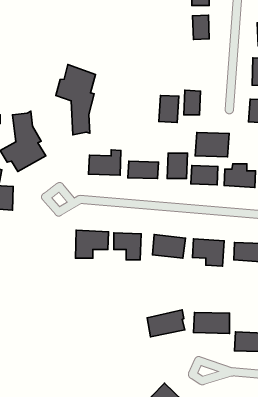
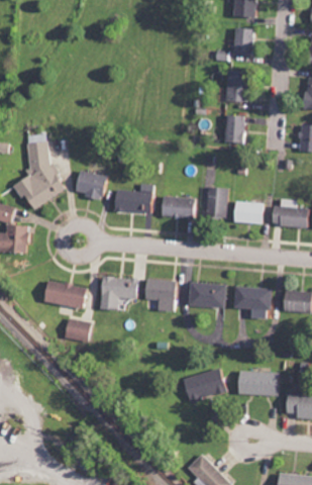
building: [56,65,95,135] -> none
building: [159,95,179,123] -> [226,71,249,102]
building: [195,133,229,157] -> none
building: none -> [76,172,105,198]
building: none -> [42,280,87,310]
building: none -> [65,317,92,343]

